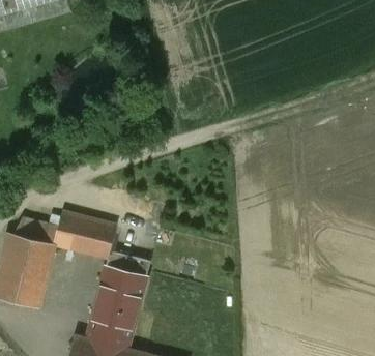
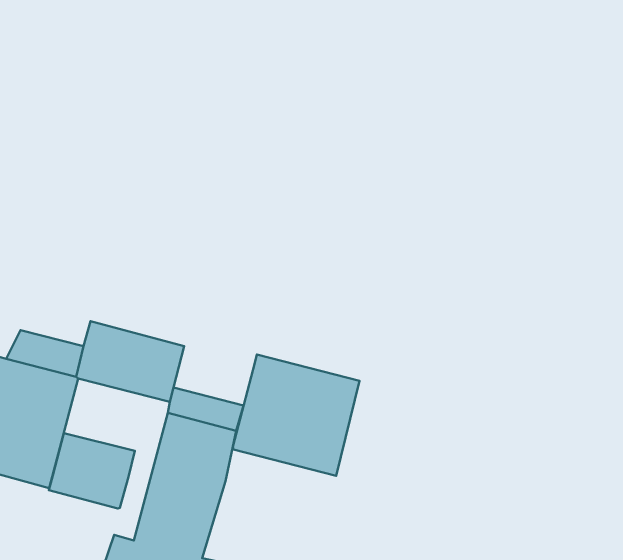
building: none -> [233,354,360,476]
building: none -> [49,433,135,509]

